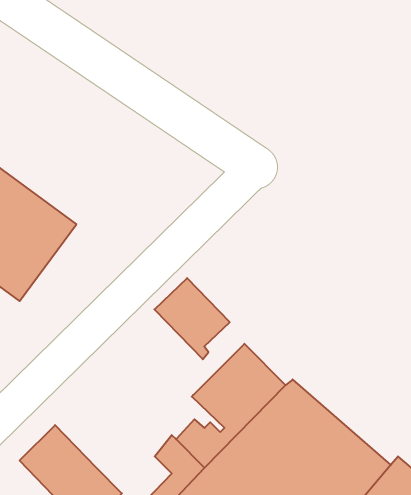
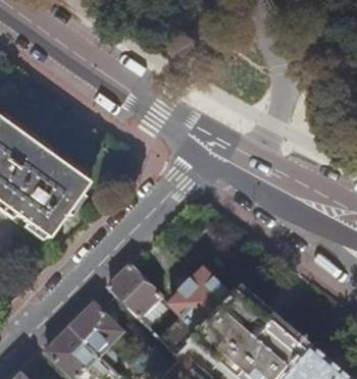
building: [154,278,230,359] -> [110,263,164,321]
building: none -> [72,300,128,355]

